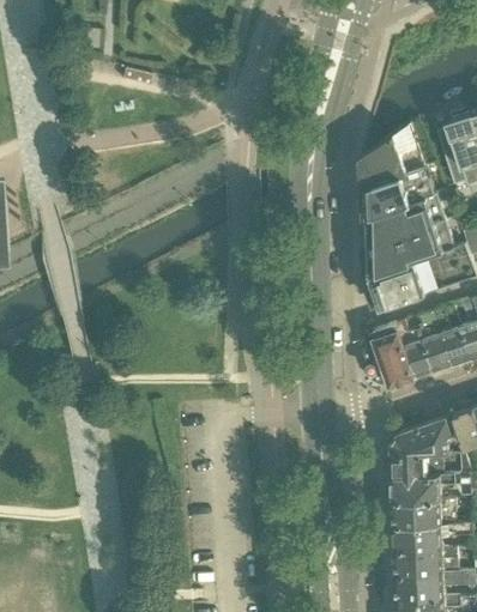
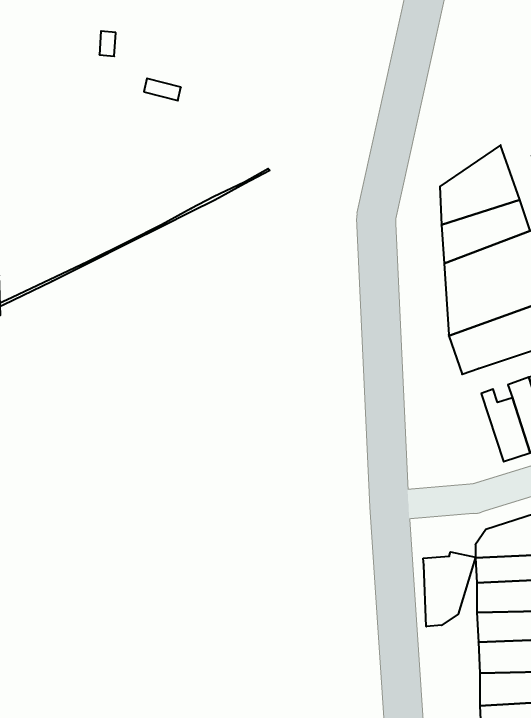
building: [363,327,413,389] -> none
building: none -> [423,552,475,627]

